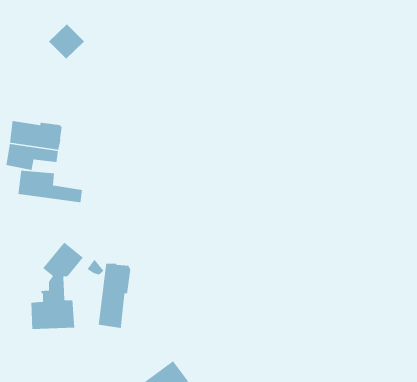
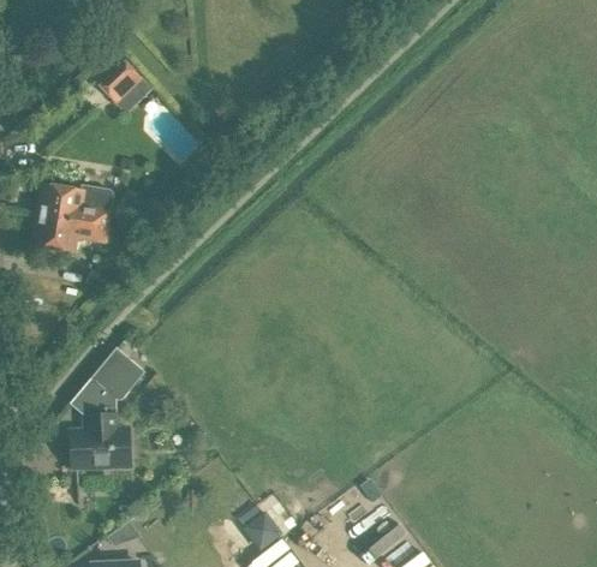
building: [18,170,83,203] -> none
building: [98,263,131,329] -> none

